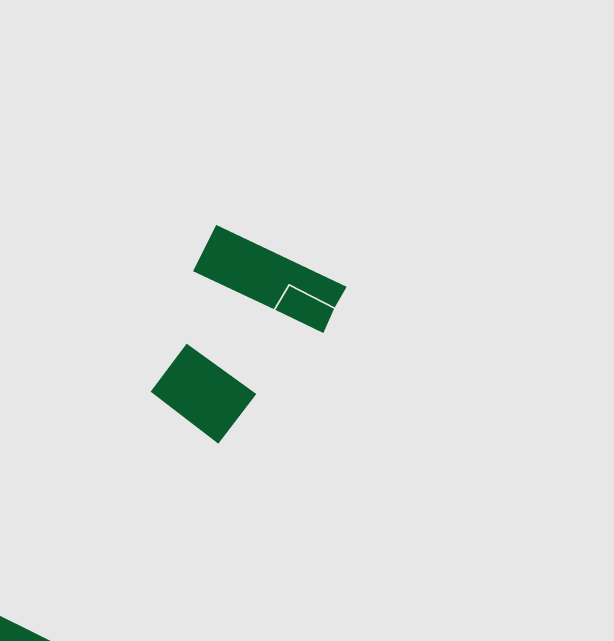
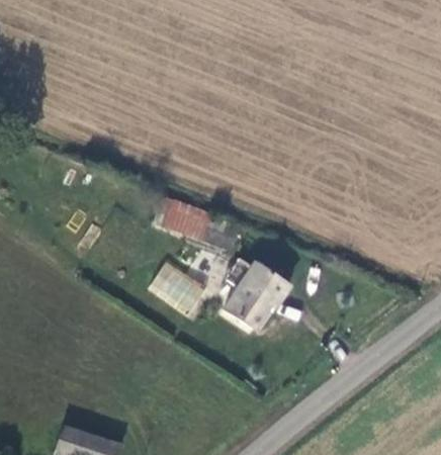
building: none -> [227,261,293,326]

